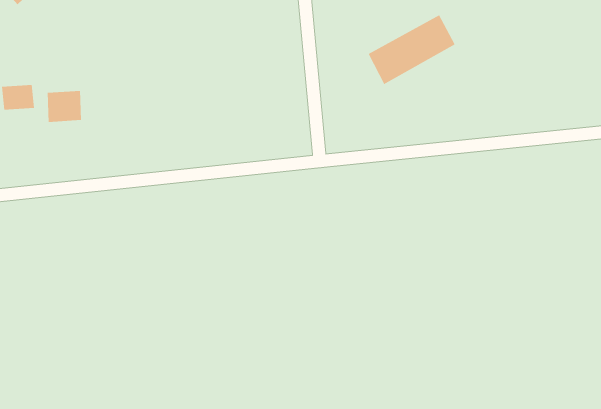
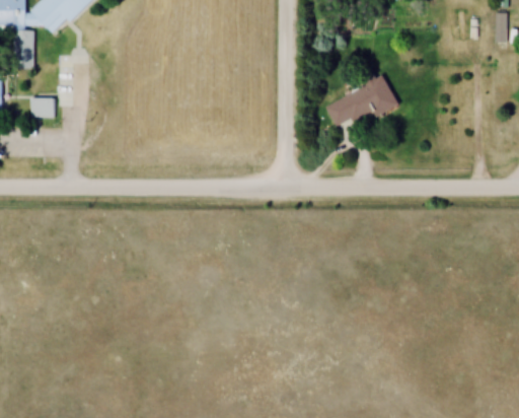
building: [47,90,81,123] -> none

